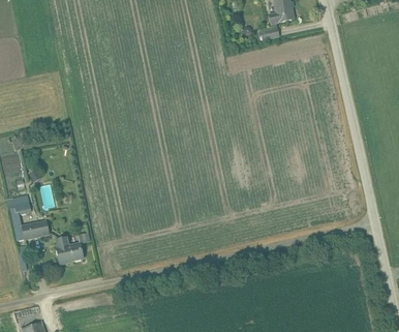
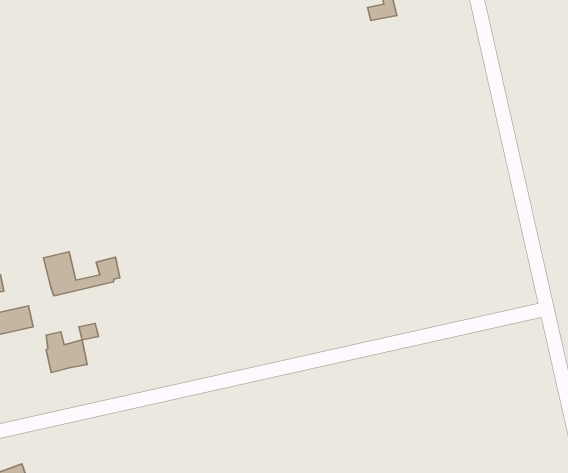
building: none -> [43,252,120,296]

